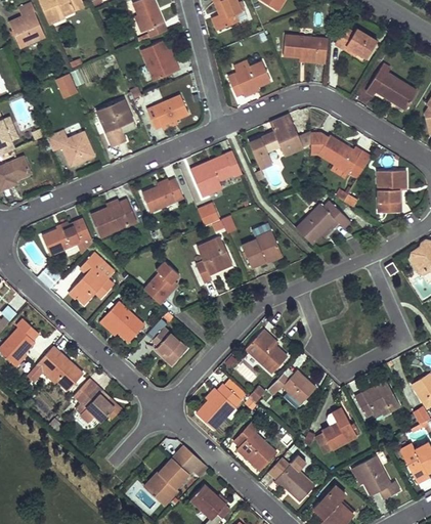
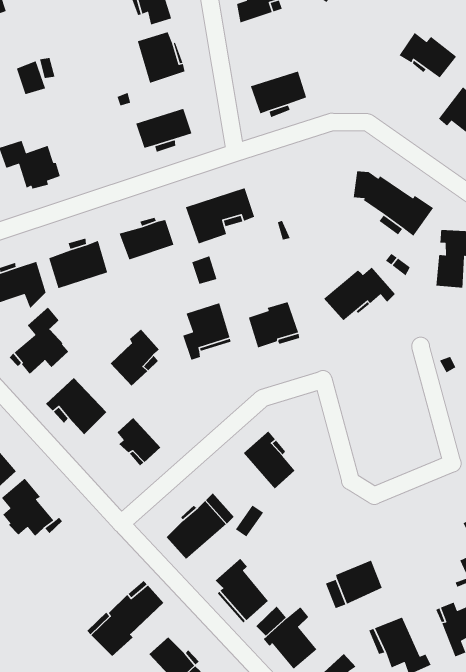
building: [284,36,329,64] -> none
building: [97,100,134,148] -> none
building: [251,113,312,166] -> none
building: [271,368,315,401] -> none
building: [355,381,399,416] -> none

